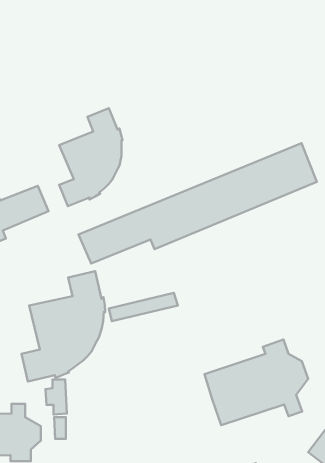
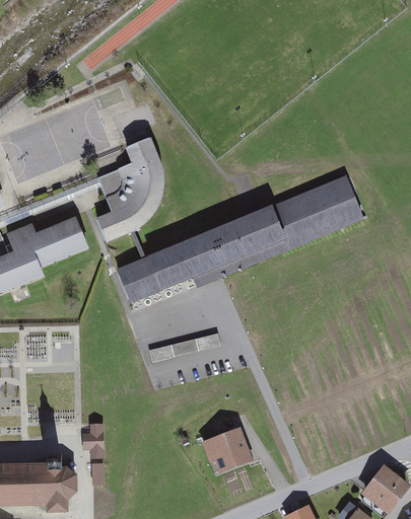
building: [21,271,105,382] -> none
building: [204,340,308,425] -> none
building: none -> [201,429,247,475]

